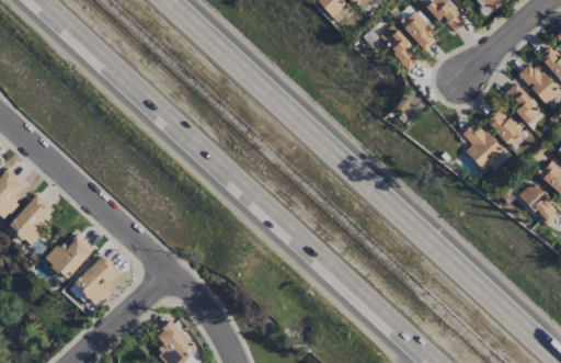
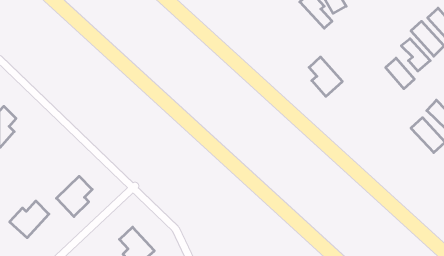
building: [462,121,504,170] -> [309,57,342,96]
building: [9,194,54,246] -> none
building: [46,232,95,279] -> [10,201,49,238]

